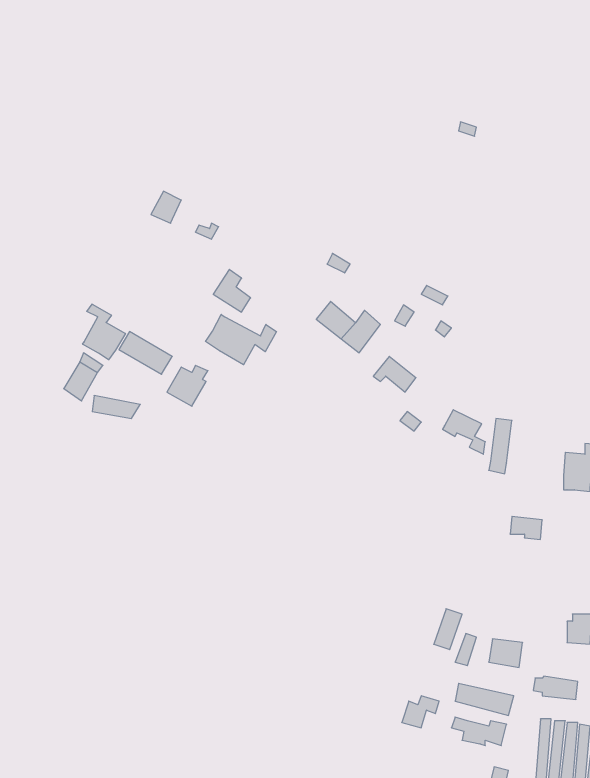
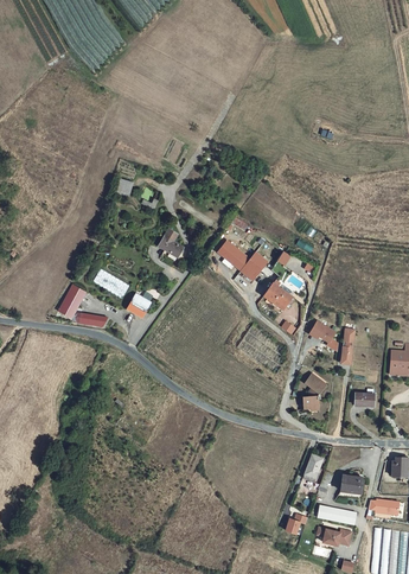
building: [83,304,125,360] -> none
building: [206,314,276,365] -> none
building: none -> [302,375,327,412]

